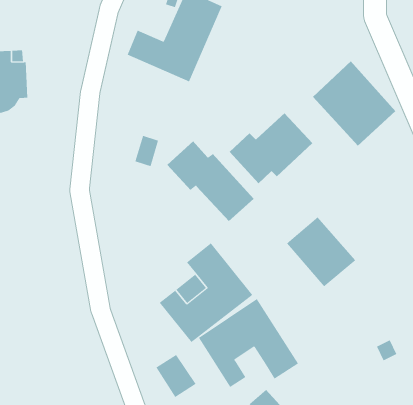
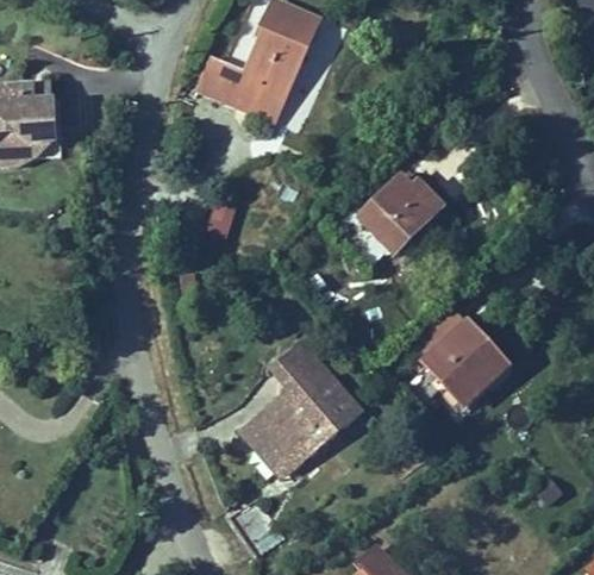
building: [312,60,396,147] -> none
building: [166,140,255,222] -> none
building: [198,298,299,388] -> none

